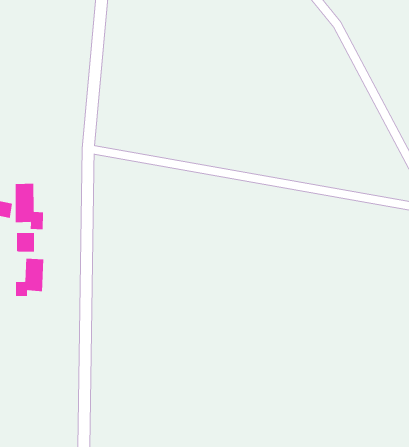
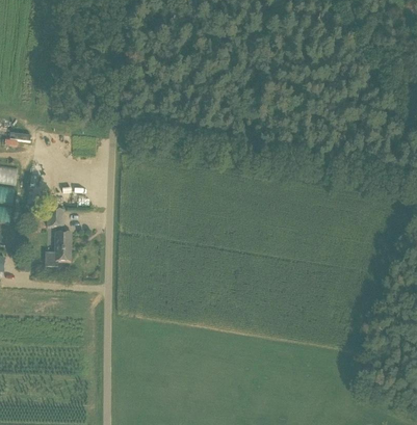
building: [15,183,44,230] -> none

